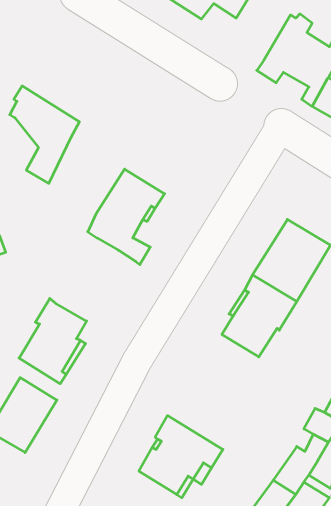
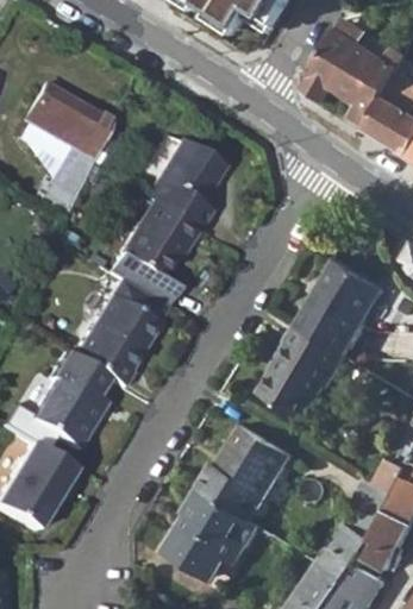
building: none -> [26,87,105,147]
building: none -> [139,142,215,231]
building: none -> [65,282,158,388]
building: none -> [195,426,292,522]

